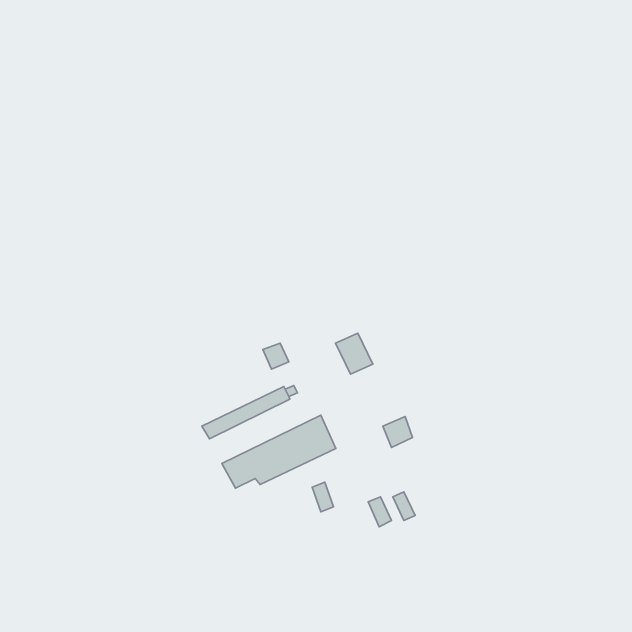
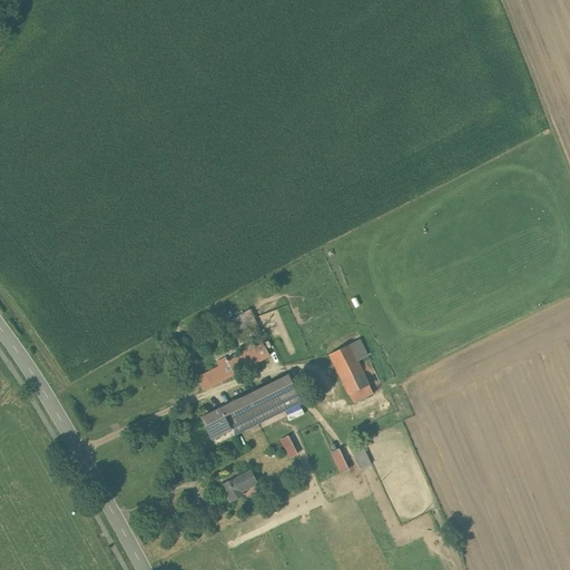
building: [336,333,373,374] -> [331,346,364,383]
building: none -> [220,471,255,500]

